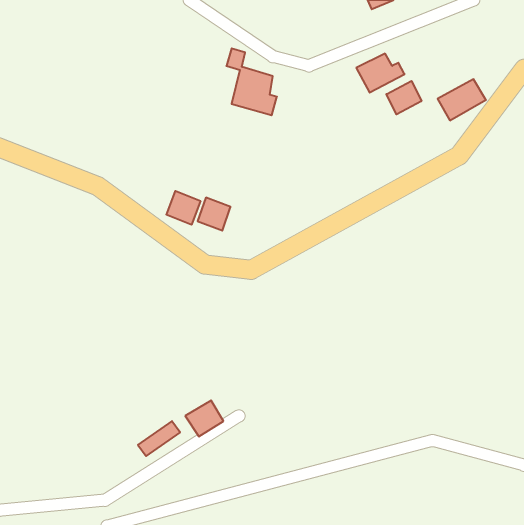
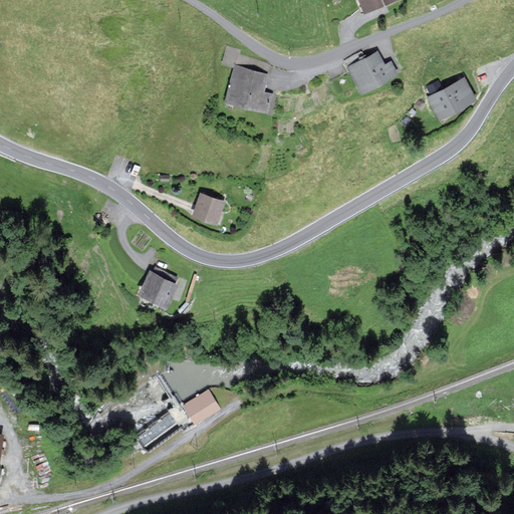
building: [386,81,421,114] -> none
building: [166,191,200,225] -> none
building: none -> [142,271,180,307]

